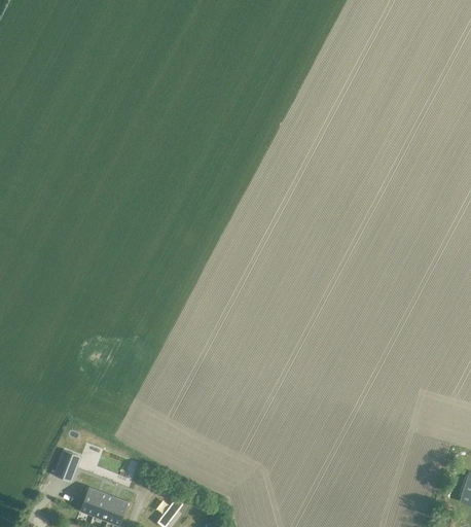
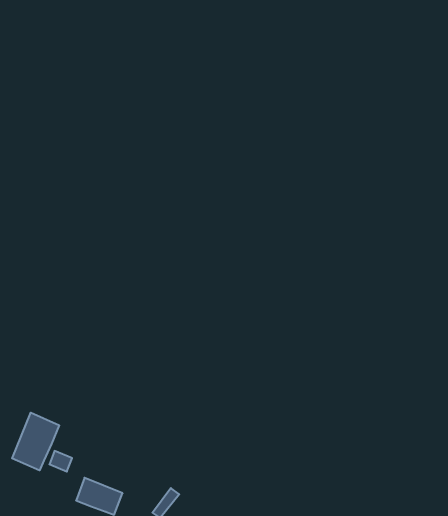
building: none -> [12,413,59,470]

